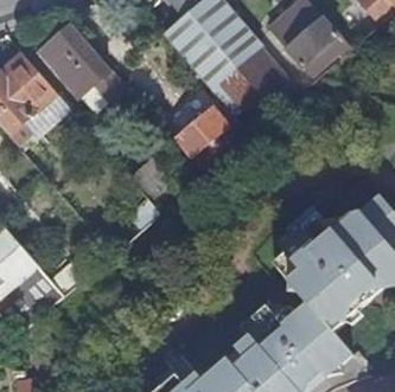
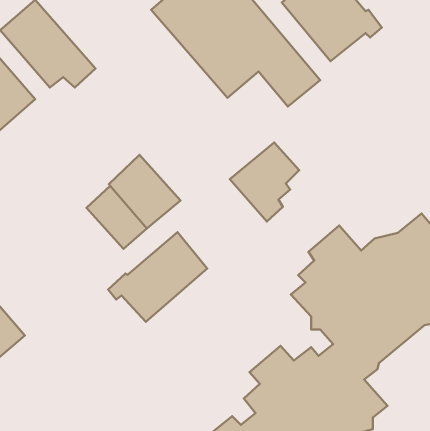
building: [176,105,231,169] -> [230,142,299,222]
building: none -> [108,232,207,322]

